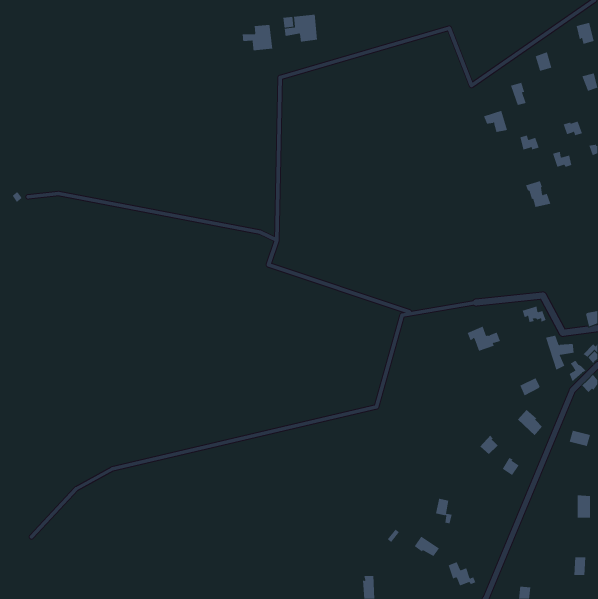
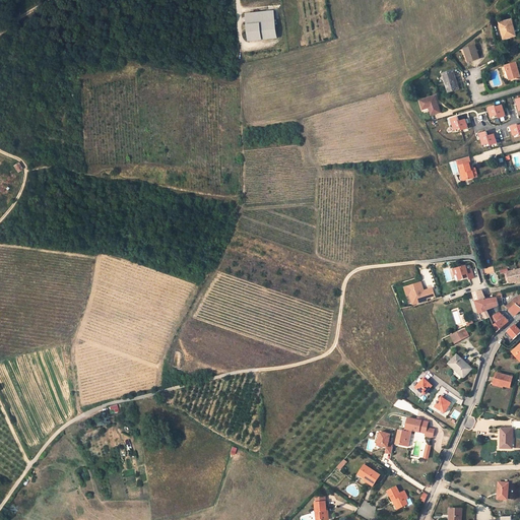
building: [242,24,273,51] -> none
building: none -> [394,417,434,446]

